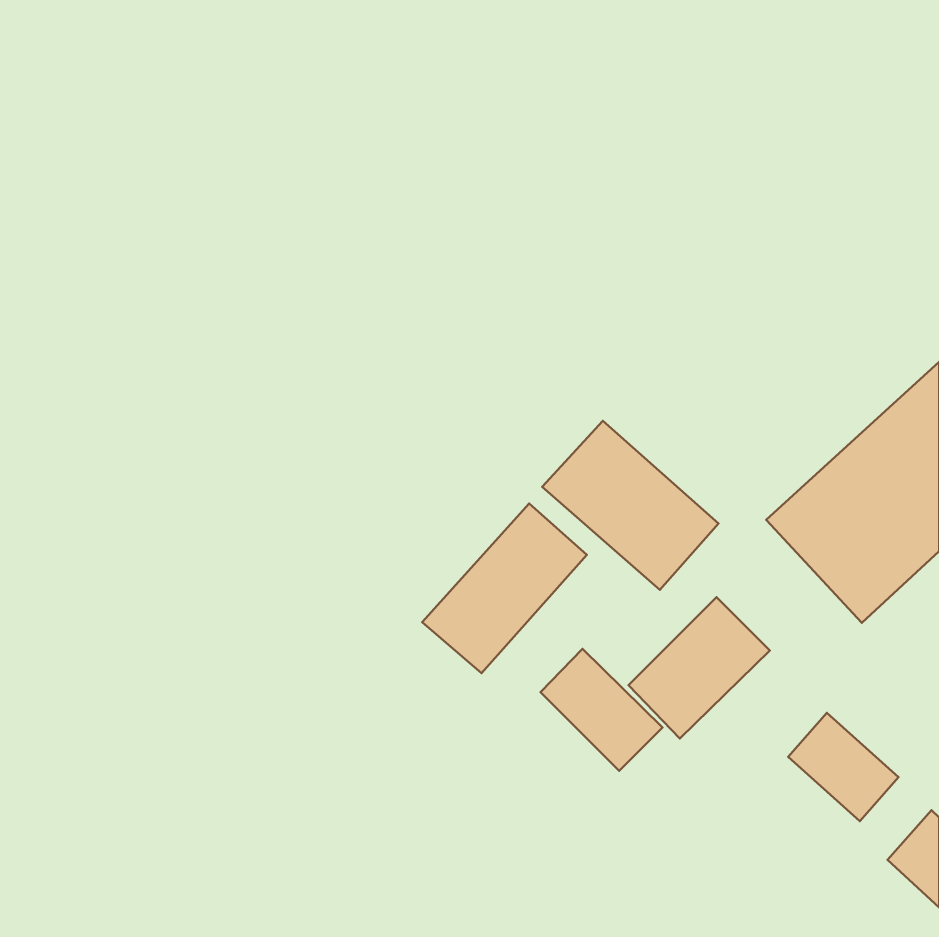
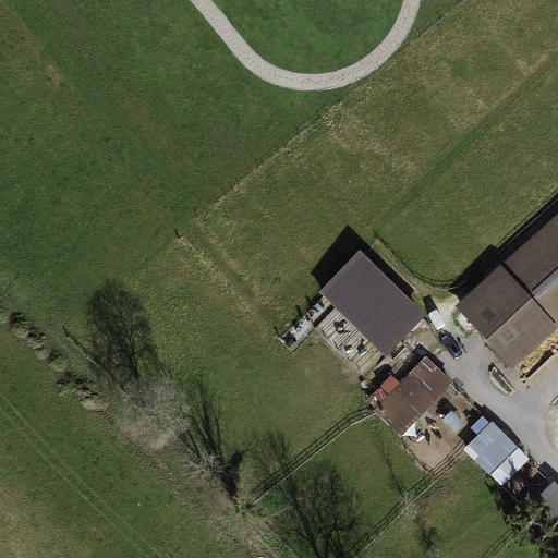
building: [422,504,587,673] -> none
building: [541,649,662,771] -> none

